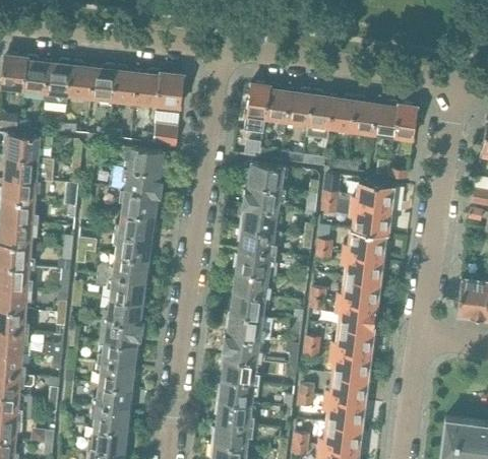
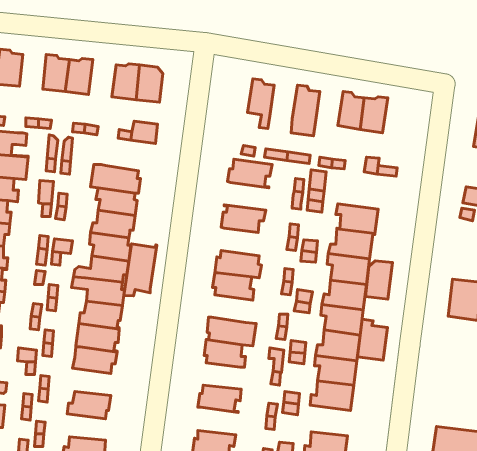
building: [45,62,71,107] -> none
building: [112,68,138,104] -> none
building: [243,84,268,135] -> none
building: [286,91,312,125] -> none
building: [329,97,356,131] -> none
building: [393,105,417,156] -> none
building: [124,147,165,175] -> none
building: [351,182,393,211] -> none
building: [242,186,285,212] -> none
building: [237,228,282,256] -> none
building: none -> [124,244,157,296]
building: none -> [365,261,392,299]
building: [227,293,269,320] -> none
building: none -> [357,319,388,360]
building: [220,358,261,384] -> none
building: [96,364,135,390] -> none
building: [322,399,363,429] -> none
building: [215,401,255,428] -> none
building: [90,407,130,433] -> none

